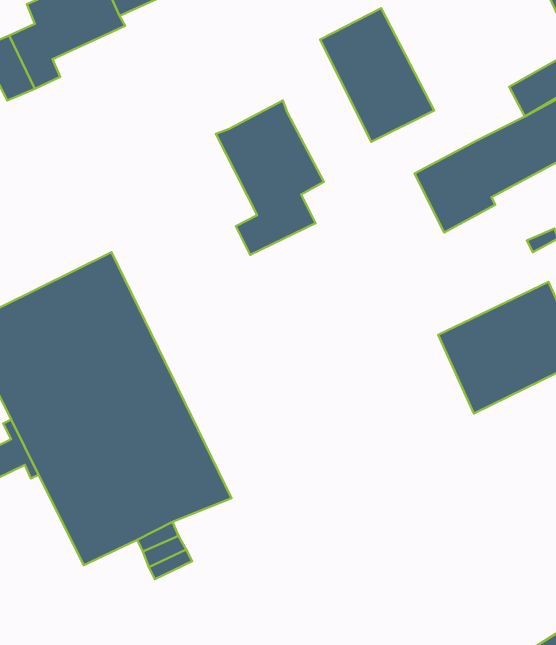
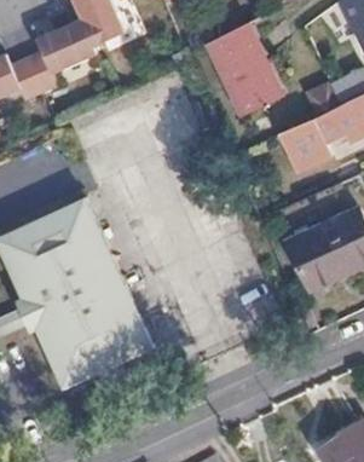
building: [216,100,324,255] -> none

